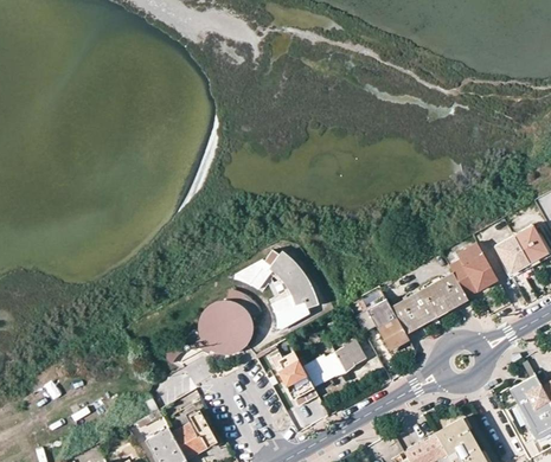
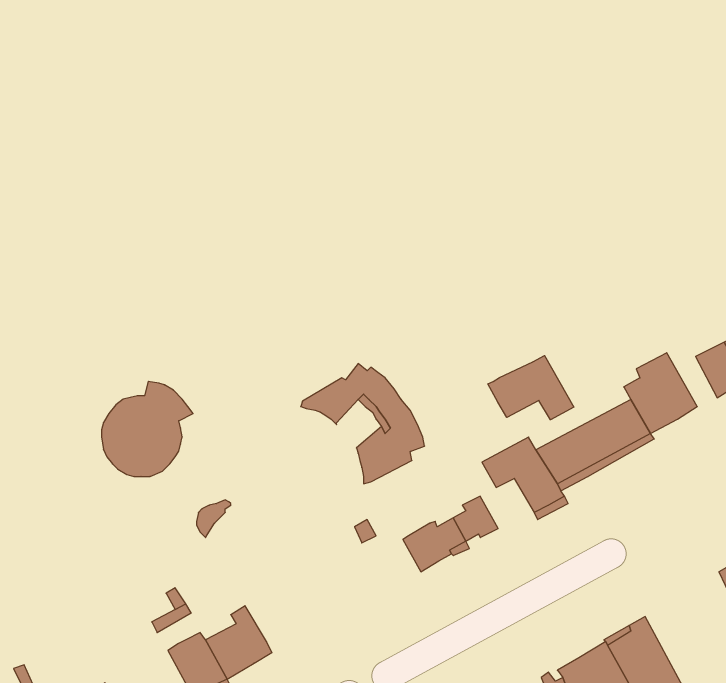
building: none -> [488,356,574,420]
building: [199,291,260,354] -> [102,381,193,476]
building: [276,359,318,406] -> none

